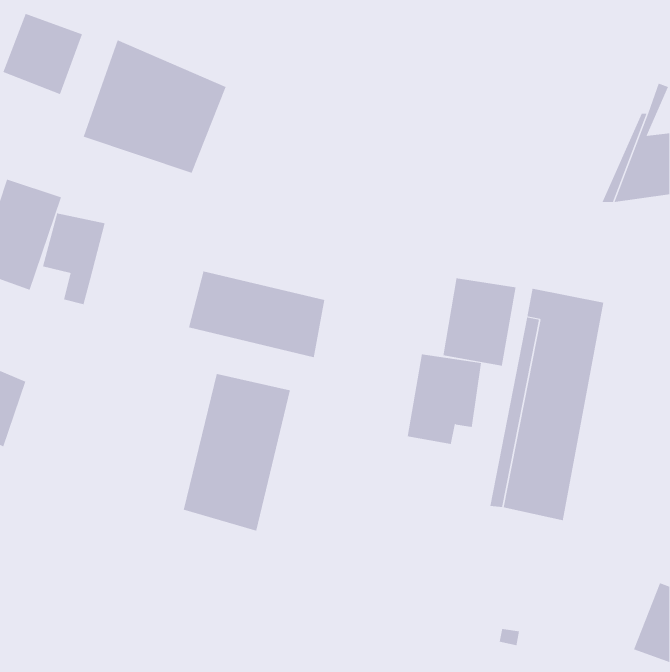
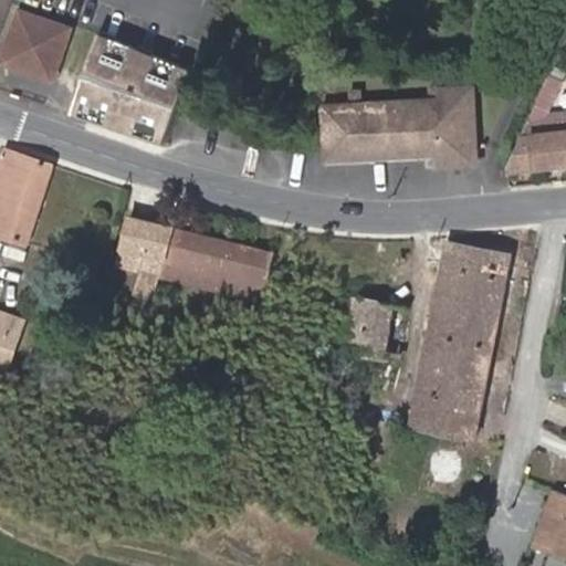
building: none -> [323,86,473,165]
building: [42,213,105,305] -> [117,219,170,296]
building: [443,277,516,367] -> none
building: [183,373,290,531] -> none

